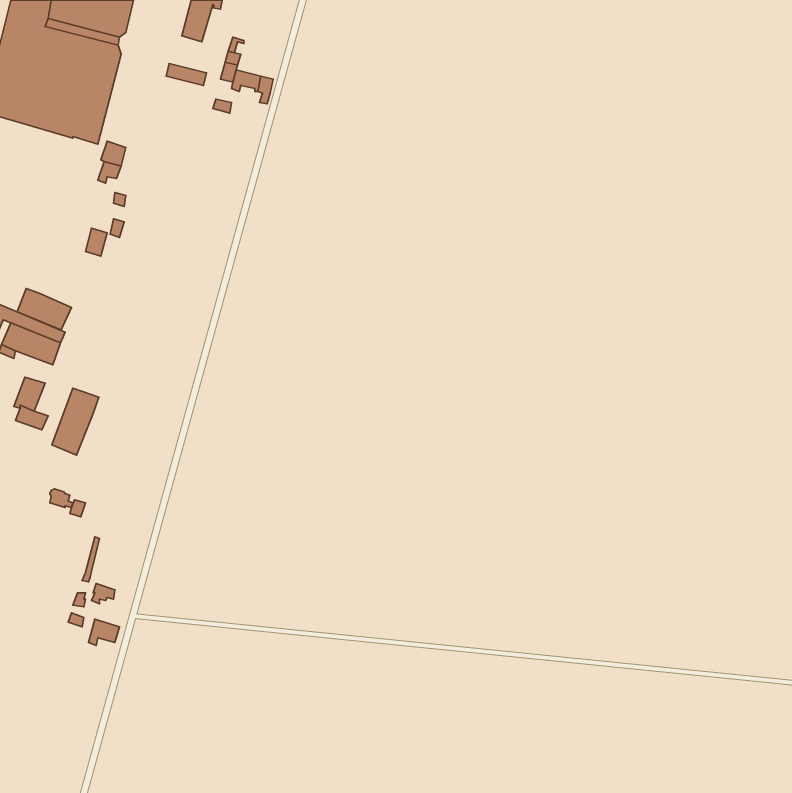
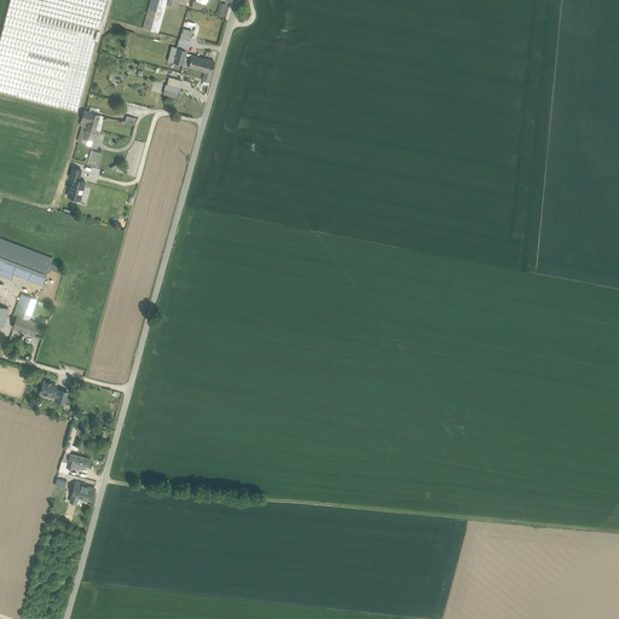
building: [17,288,71,330] -> none
building: [52,388,99,455] -> none

